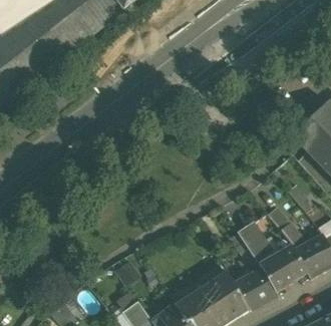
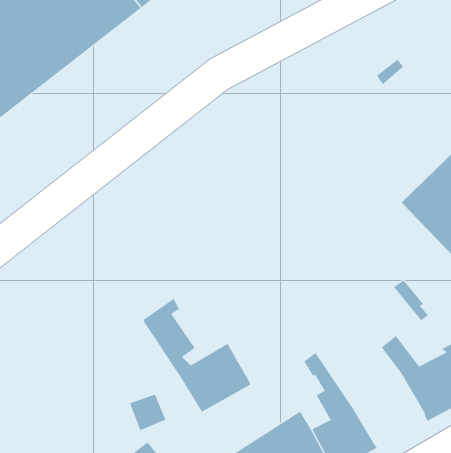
building: [238,217,308,291] -> [143,298,251,413]

